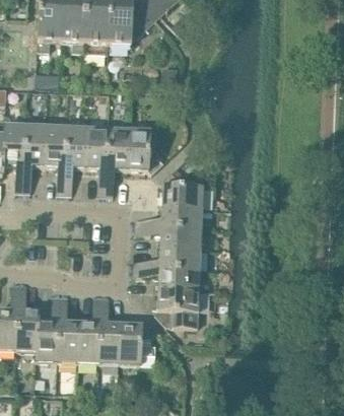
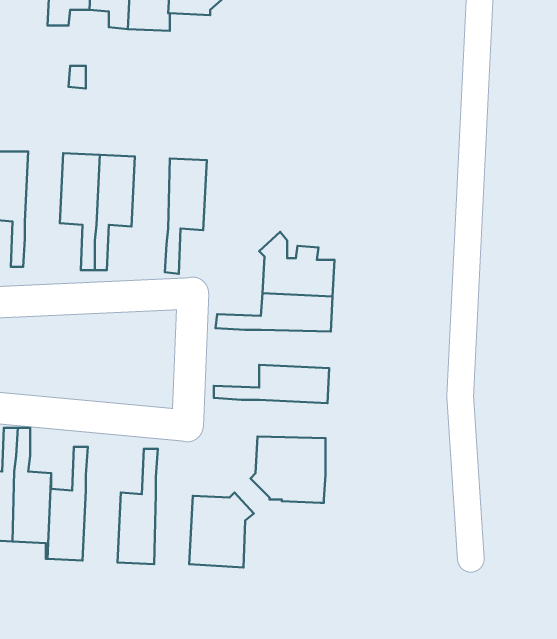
building: [22,123,46,190] -> none
building: [85,126,108,193] -> none
building: [127,128,162,172] -> none
building: [134,225,201,249] -> none
building: [132,266,199,289] -> none
building: [57,294,79,361] -> none
building: [98,295,121,362] -> none

